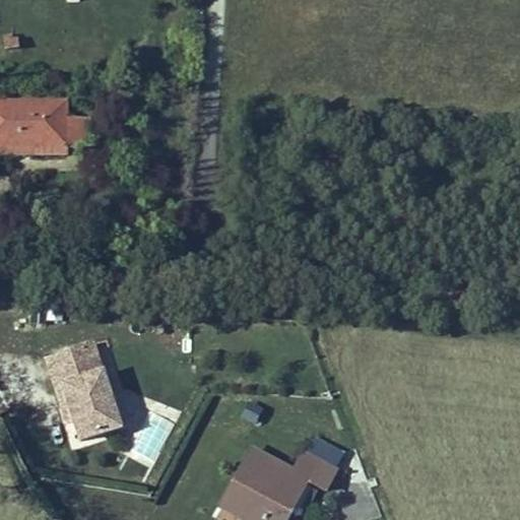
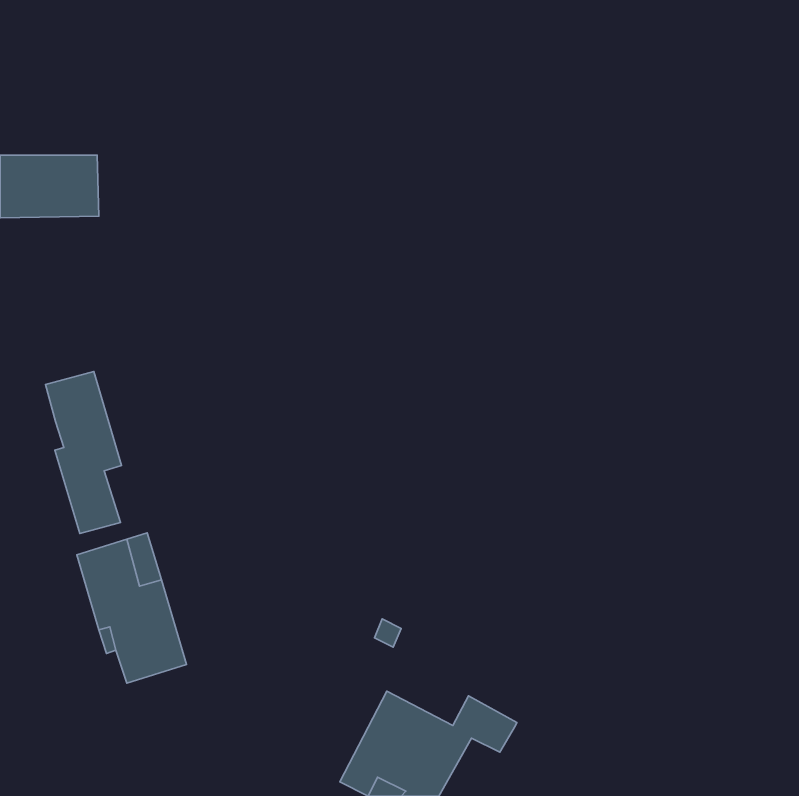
building: none -> [45,371,122,534]

